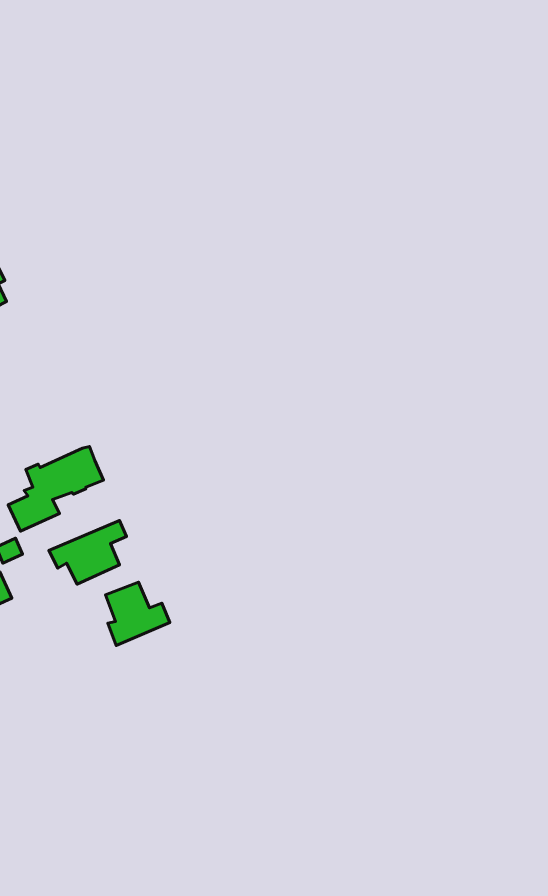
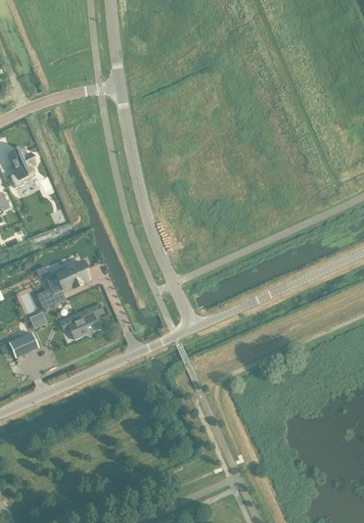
building: [105,582,170,646] -> none

